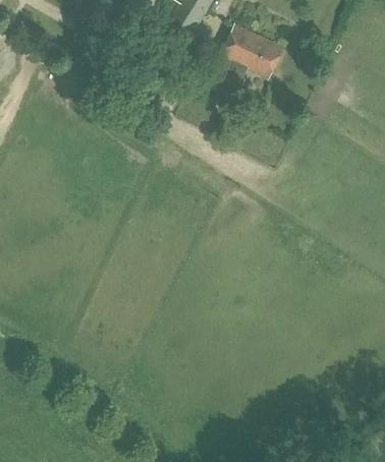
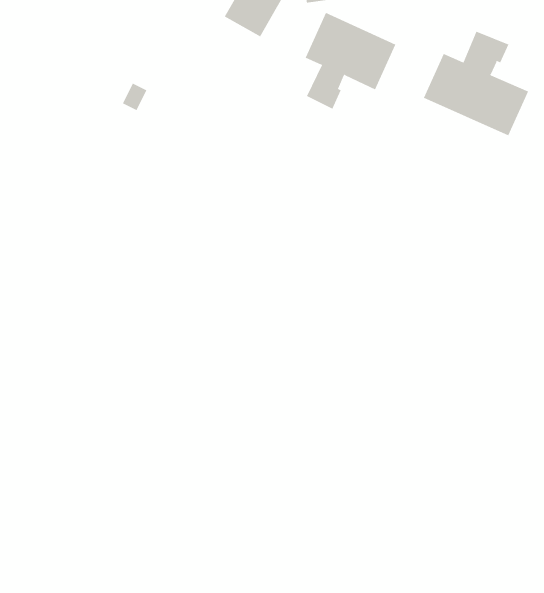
building: none -> [423,31,529,136]

